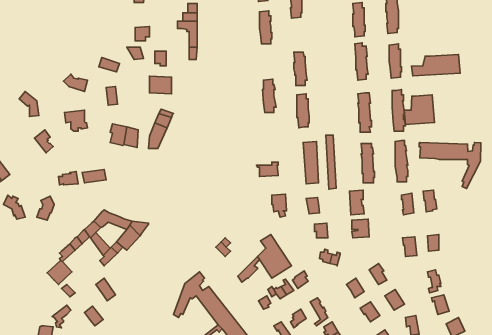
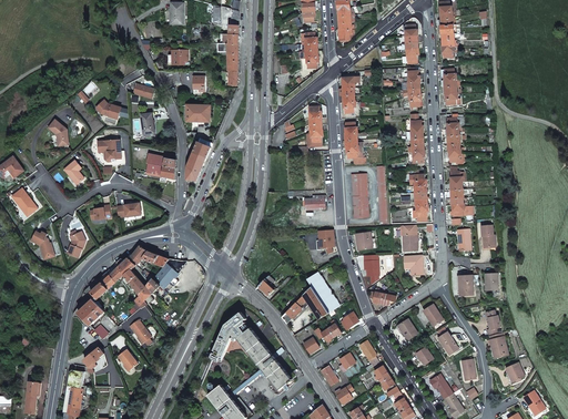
building: [412,54,460,76] -> none
building: [404,95,435,124] -> none
building: [419,142,481,189] -> none

